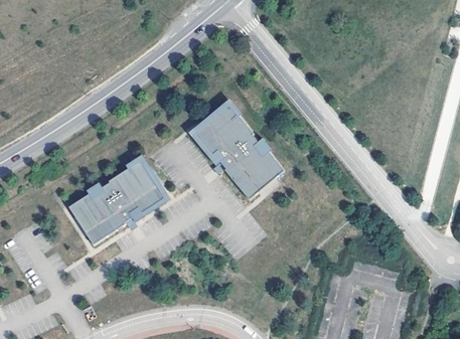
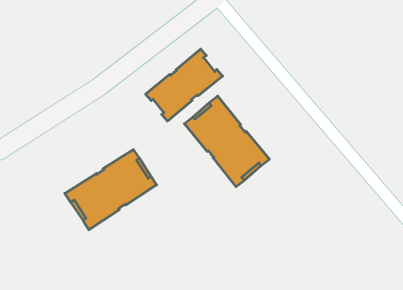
building: none -> [146,49,223,121]

